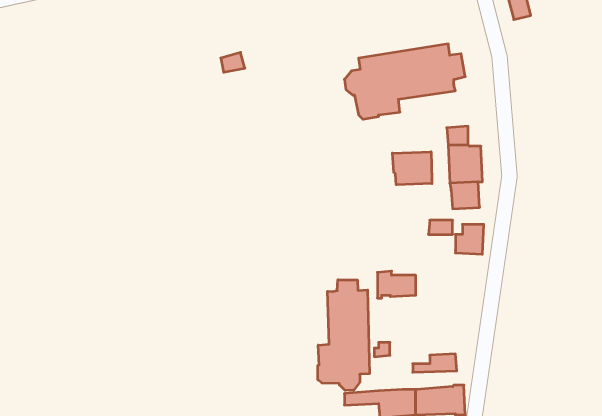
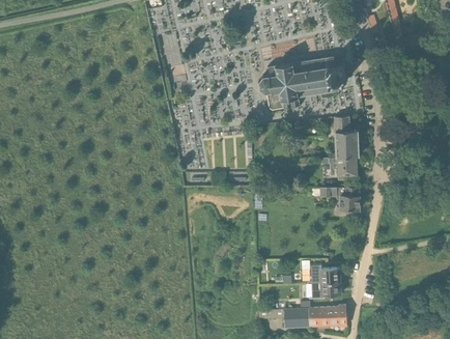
building: [392,152,432,185] -> none
building: [377,271,416,298] -> [311,264,339,284]
building: [318,280,369,390] -> none

